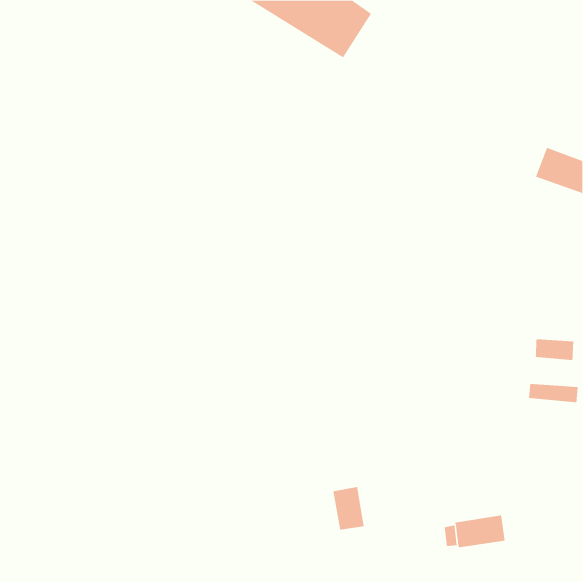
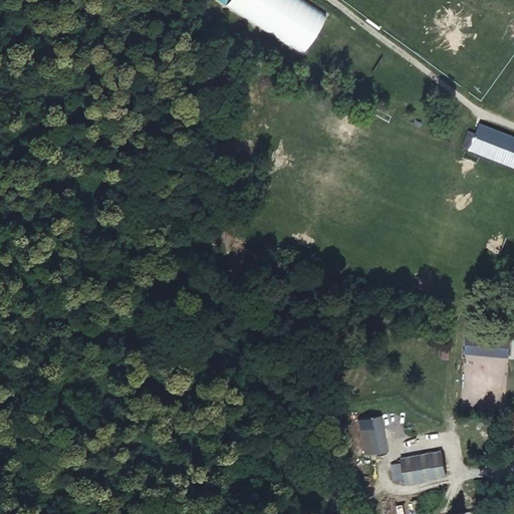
building: [535,338,574,361] -> none
building: [333,487,365,530] -> [358,416,387,454]

